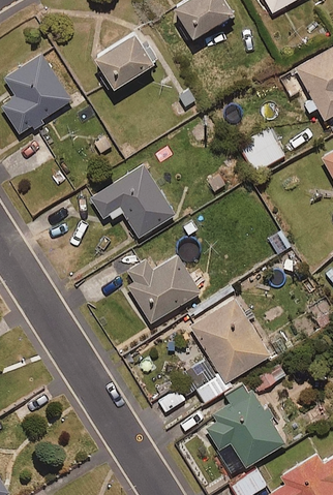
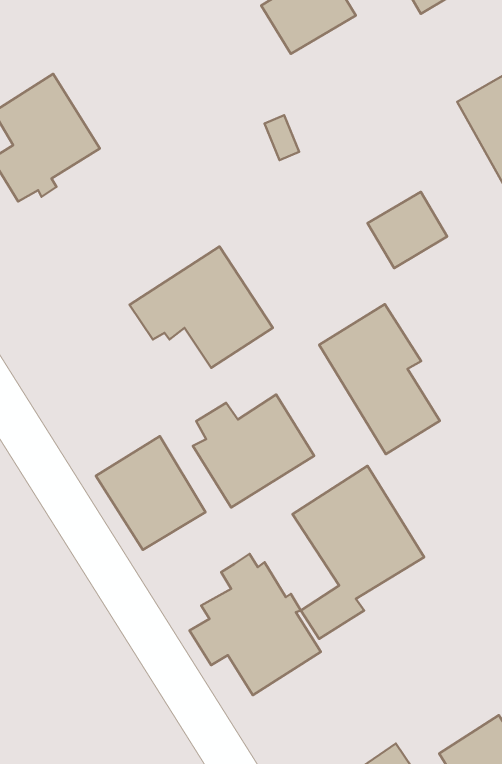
building: [95,28,157,87] -> none
building: none -> [319,304,440,454]
building: none -> [96,436,206,550]
building: [206,381,287,469] -> [190,554,321,695]

